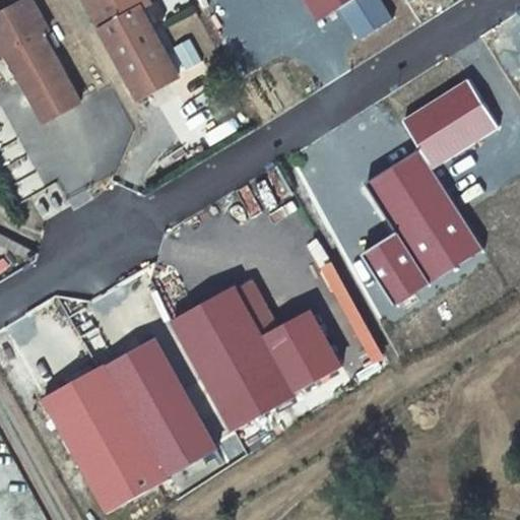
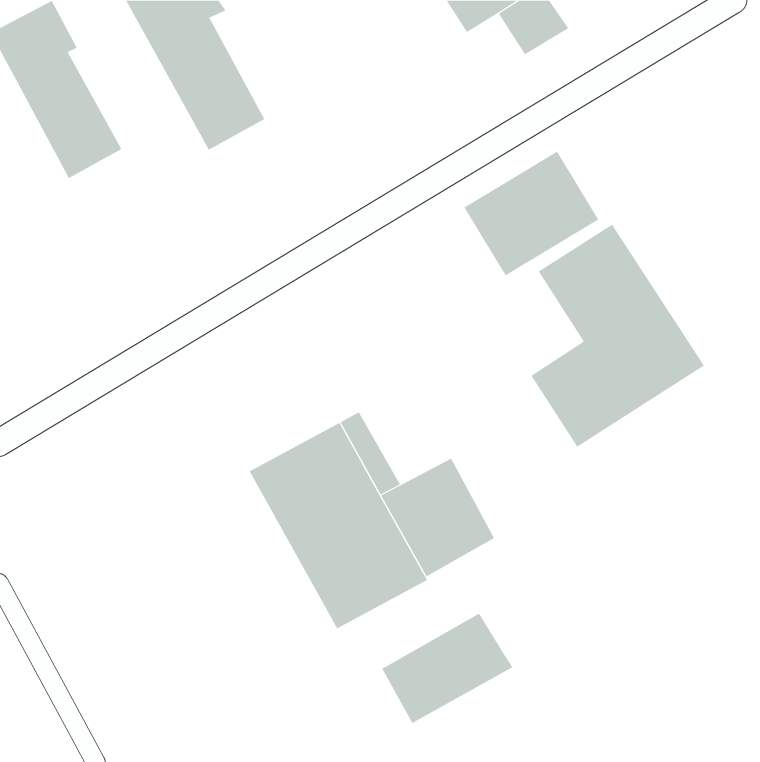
building: [402,82,495,168] -> [464,151,599,276]
building: [39,339,211,513] -> none
building: none -> [382,613,513,724]

